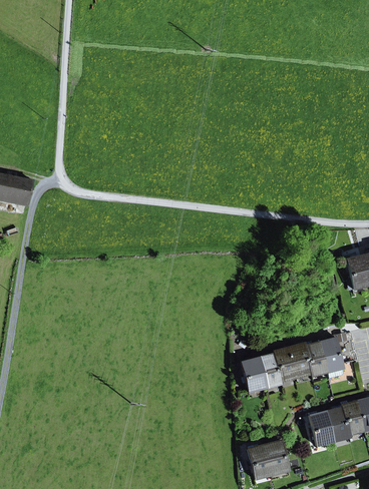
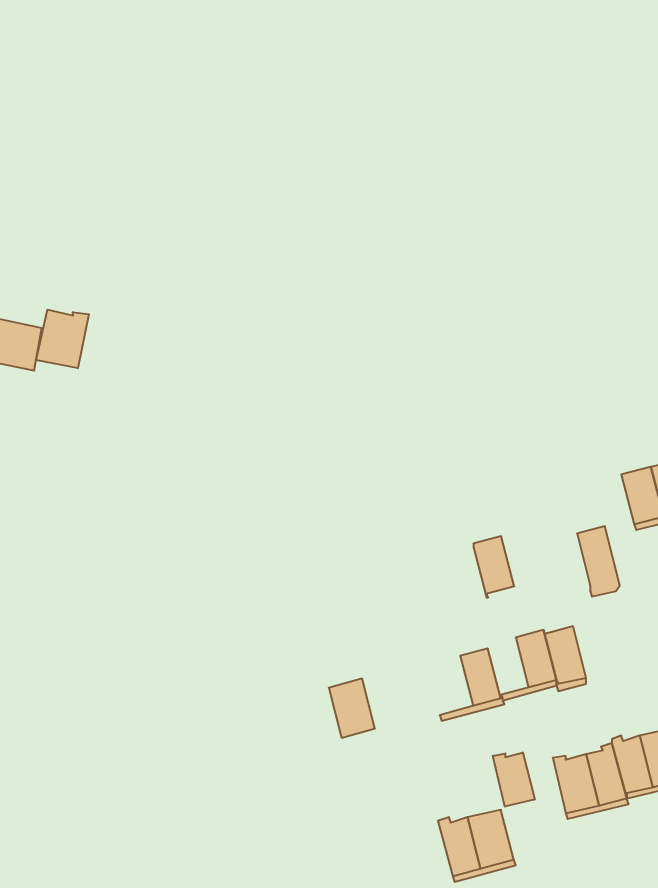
building: none -> [36,310,89,368]
building: [320,338,343,376] -> [577,526,620,597]
building: [274,348,296,381] -> [473,536,514,597]
building: [241,358,266,390] -> [329,679,375,738]
building: none -> [493,752,535,807]

